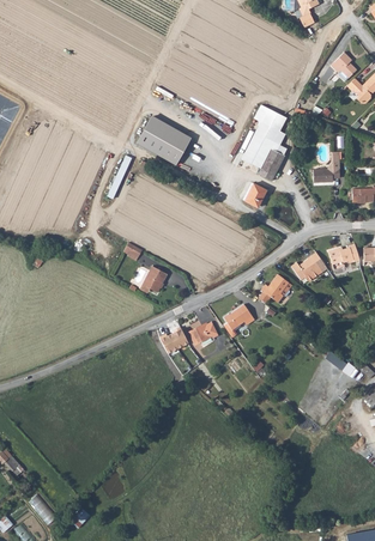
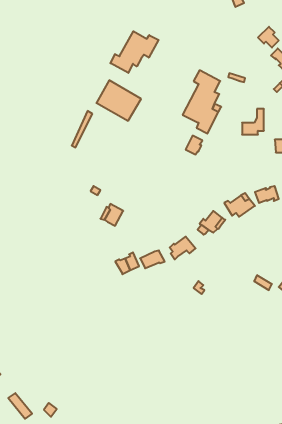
building: none -> [110,31,159,73]

